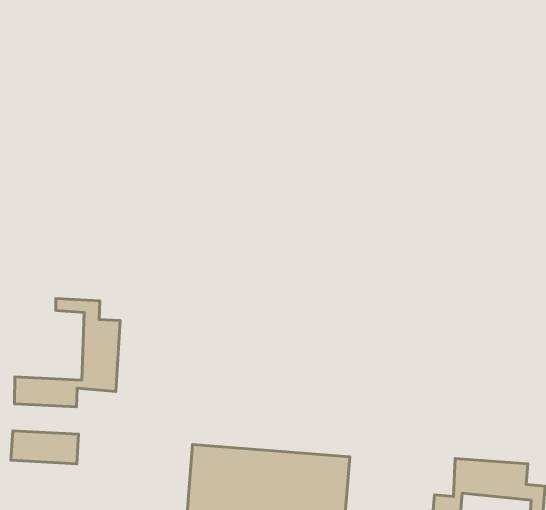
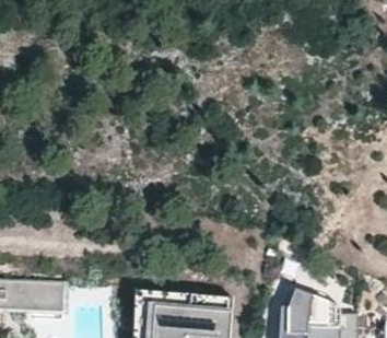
building: [15,298,120,407] -> none

